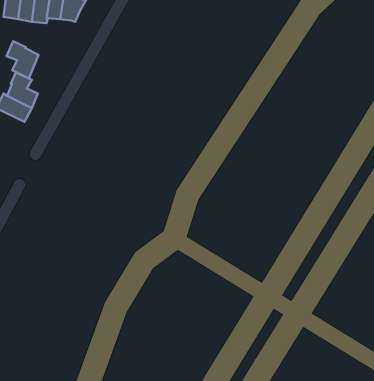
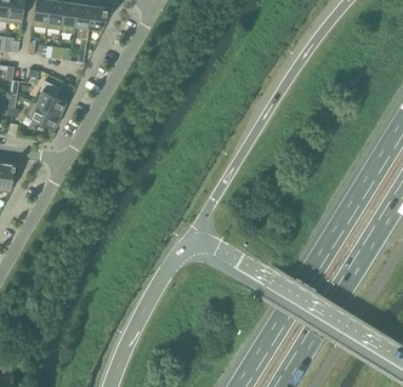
building: [6,41,39,78] -> none

